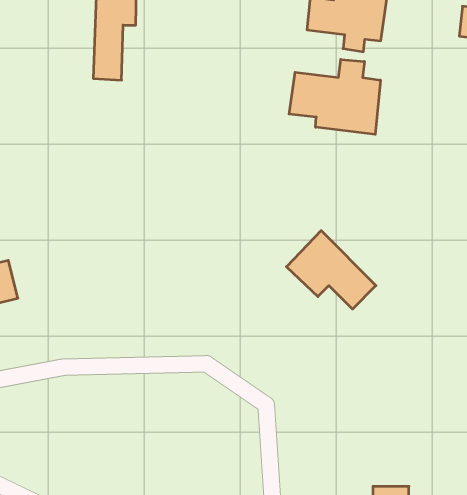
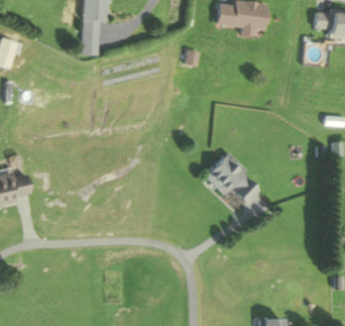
building: [289,59,380,134] -> none

